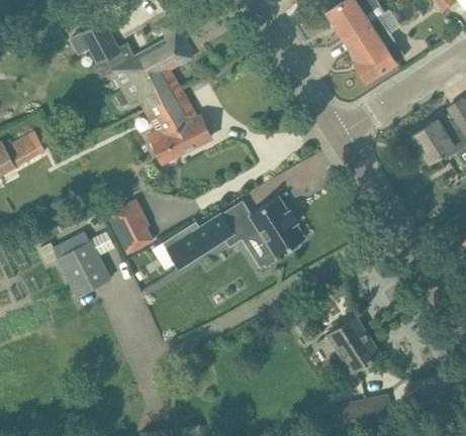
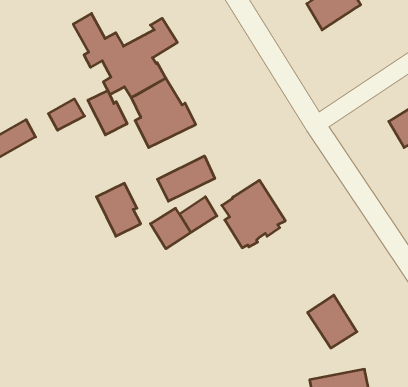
building: [343,16,404,82] -> none
building: none -> [88,90,127,135]
building: none -> [48,99,85,130]
building: none -> [157,156,215,201]
building: [56,240,111,297] -> none

